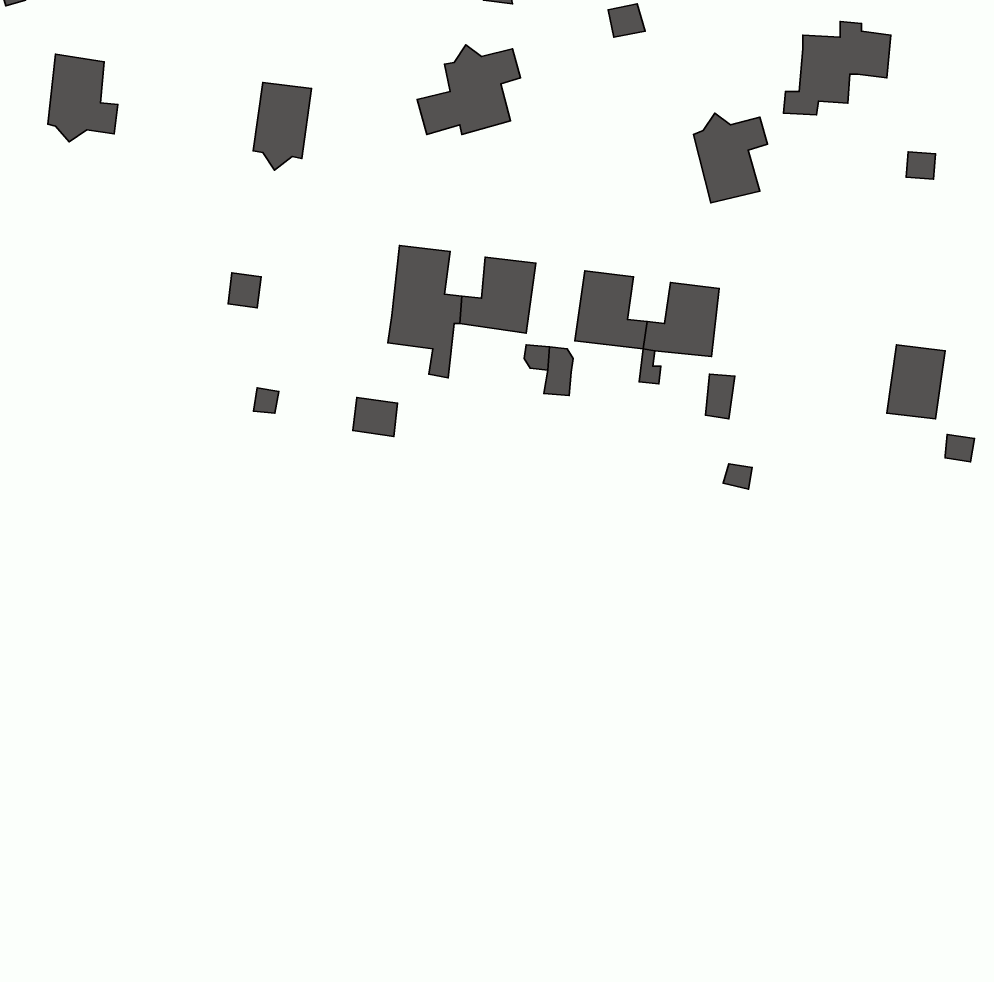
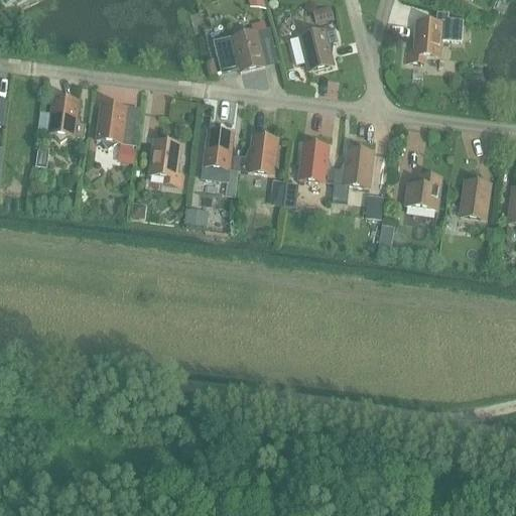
building: [48,54,118,142] -> [48,93,85,138]
building: [253,83,312,170] -> [96,100,126,145]
building: [693,113,768,203] -> [298,22,337,69]
building: none -> [149,138,182,182]
building: none -> [404,172,439,207]

